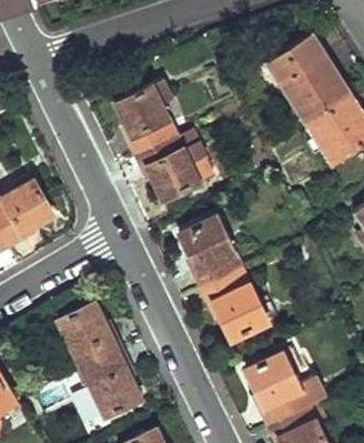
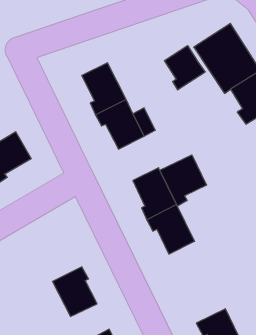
building: none -> [165,46,205,90]
building: none -> [160,155,206,206]
building: [58,305,119,370] -> none
building: [251,356,325,424] -> none

